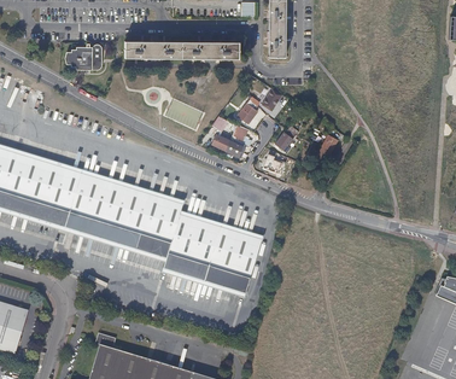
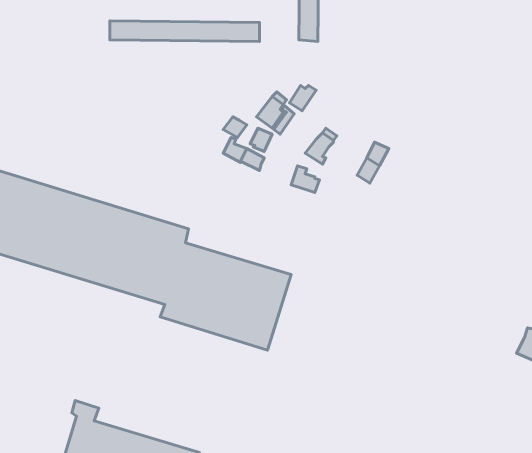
building: [64,43,101,70] -> none

